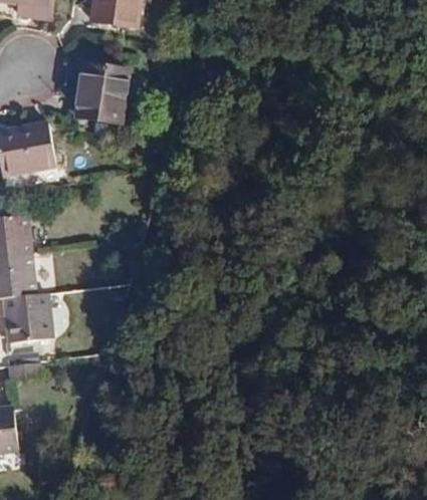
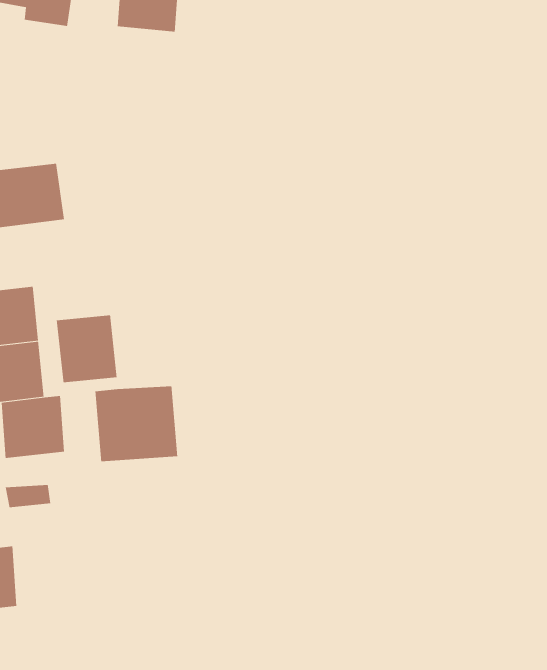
building: [75,61,128,118] -> none
building: none -> [56,315,117,383]
building: none -> [95,386,178,462]

